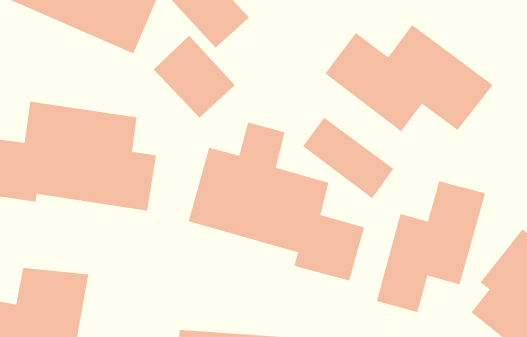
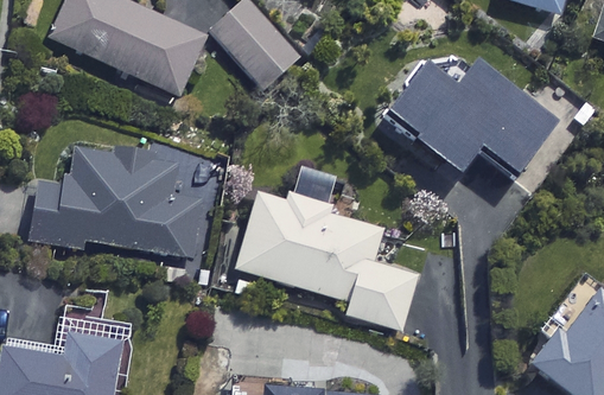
building: [153,35,235,119] -> none
building: [302,117,394,199] -> none
building: [376,181,486,313] -> none

